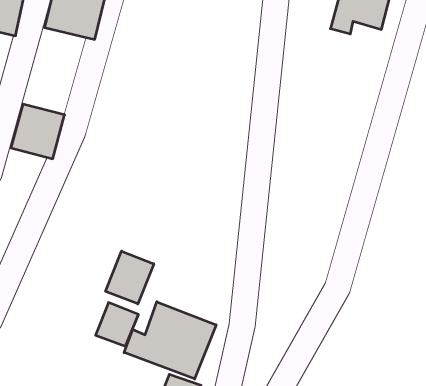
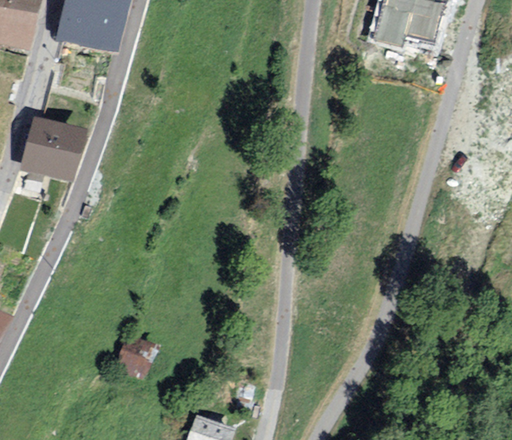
building: [106,251,154,304] -> none
building: [124,302,216,379] -> none

